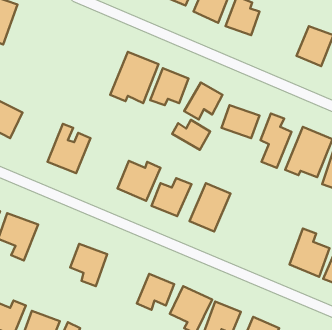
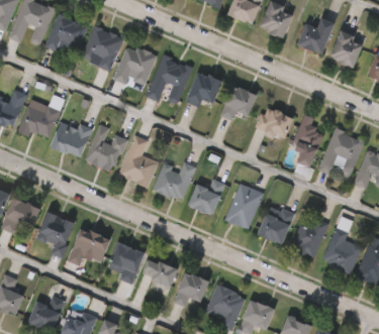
building: none -> [45,14,88,58]
building: none -> [297,18,336,55]
building: none -> [84,27,123,73]
building: none -> [114,44,157,85]
building: none -> [52,121,91,159]
building: [172,120,210,150] -> none
building: none -> [119,137,159,188]
building: none -> [258,204,297,243]
building: none -> [291,217,330,259]
building: none -> [68,228,110,266]
building: none -> [141,257,178,289]

